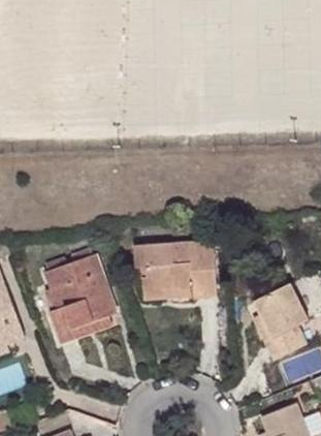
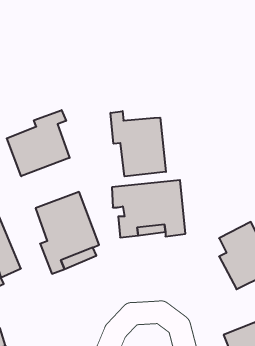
building: none -> [7,110,70,176]
building: none -> [111,111,166,176]

